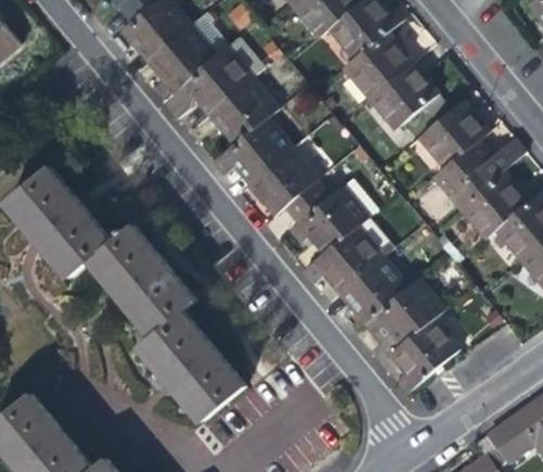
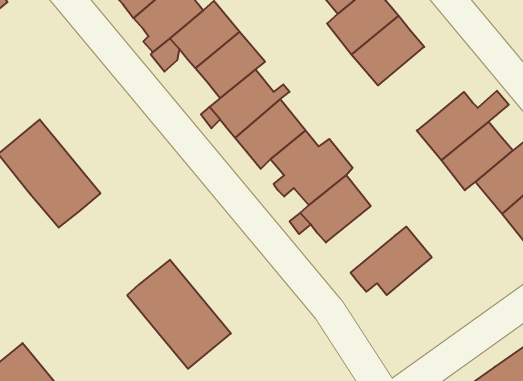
building: [416,99,490,169] -> none
building: [90,224,194,333] -> none
building: [340,254,411,321] -> none
building: [389,317,461,392] -> none

